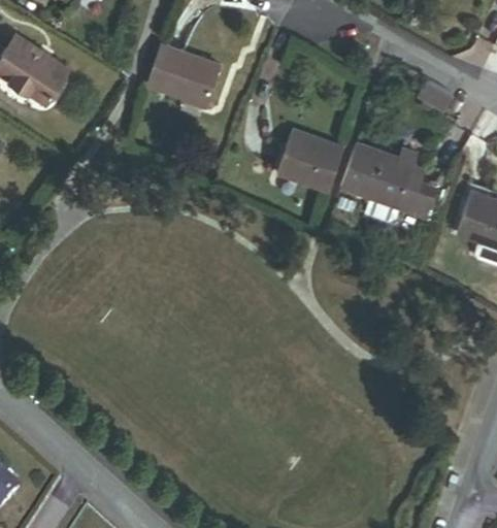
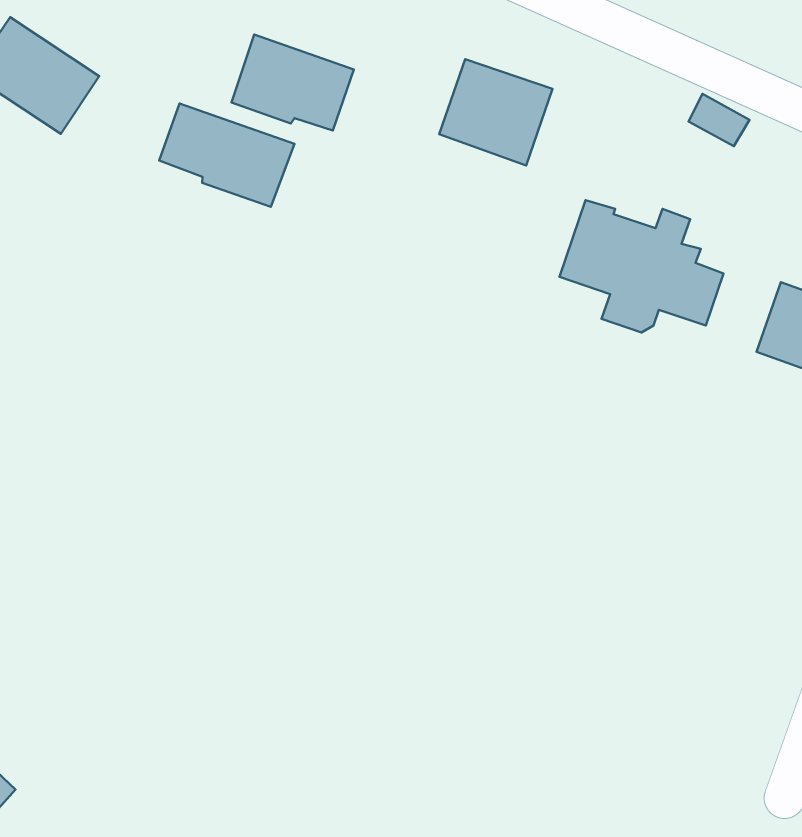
building: none -> [159,104,294,207]
building: [276,129,343,192] -> [439,59,552,166]

